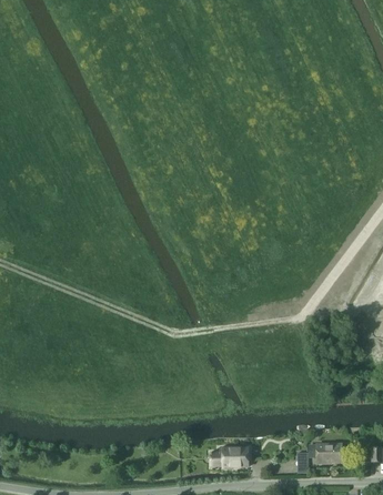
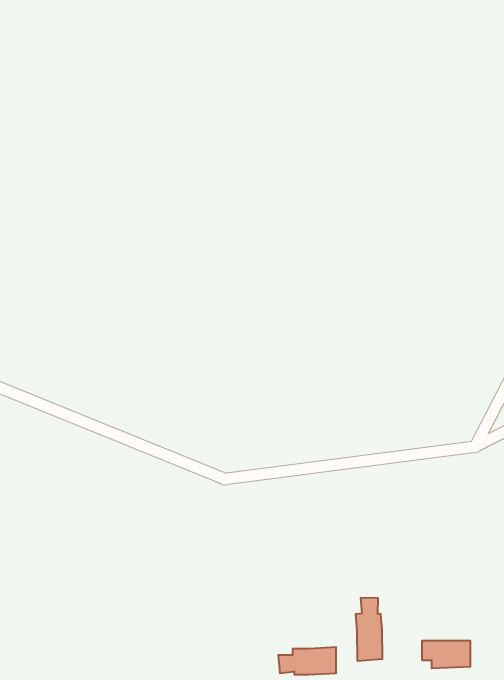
building: none -> [356,598,382,661]

